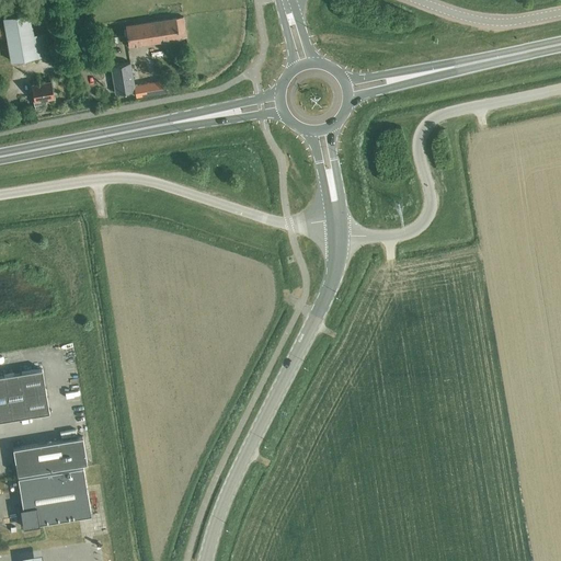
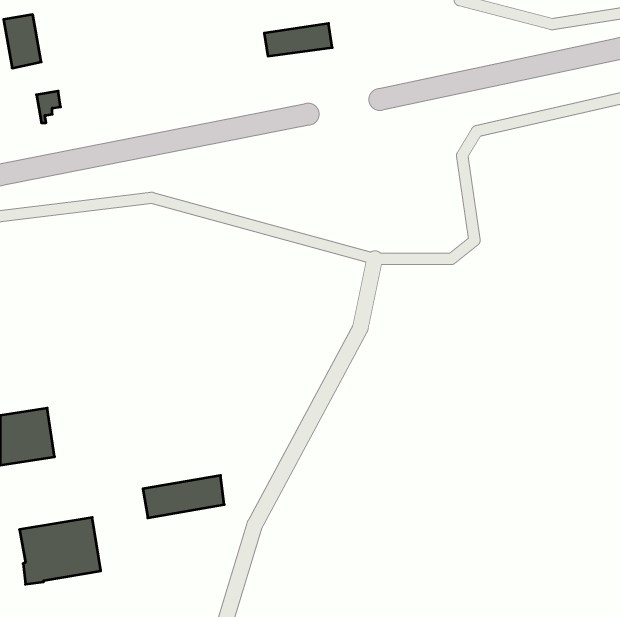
building: [125,19,186,48] -> [264,23,332,56]
building: [110,64,168,98] -> none
building: [13,439,87,478] -> [143,475,224,518]

